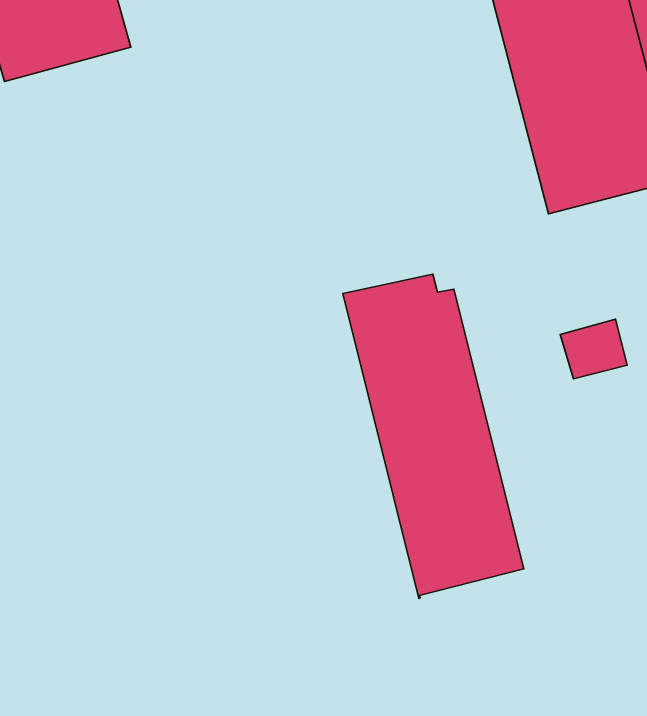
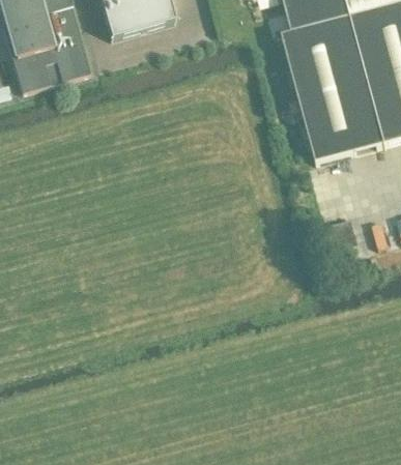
building: [343,274,524,598] -> none

